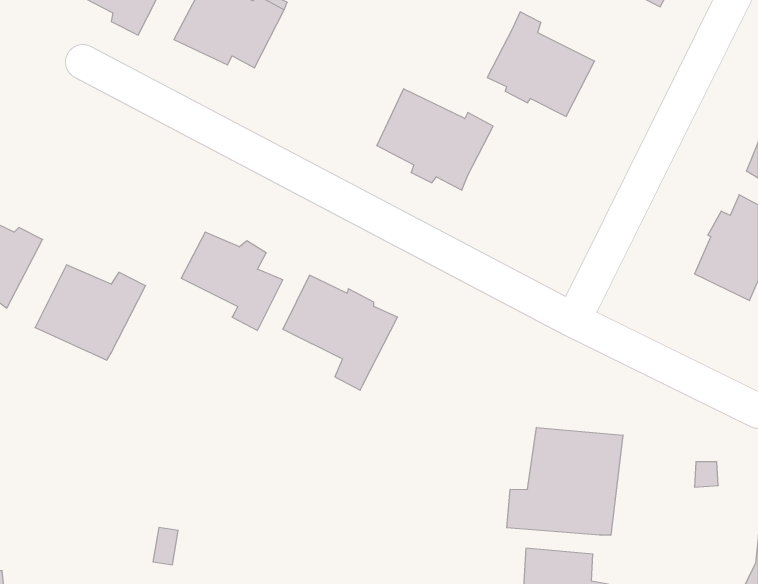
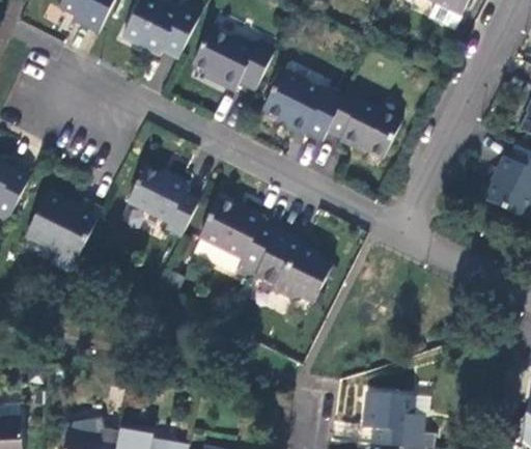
building: [487,12,595,116] -> [326,85,400,158]
building: none -> [193,28,275,91]
building: none -> [253,229,329,303]
building: [507,427,623,535] -> none

